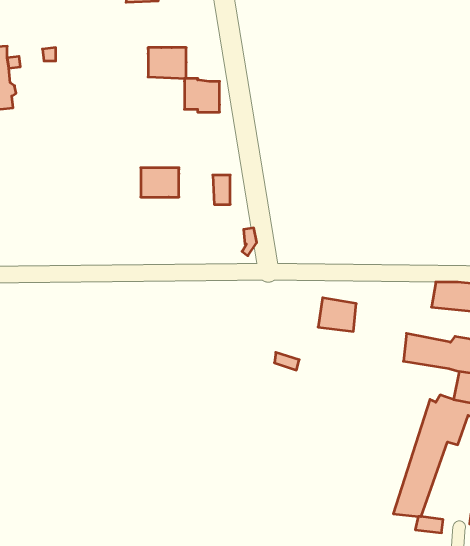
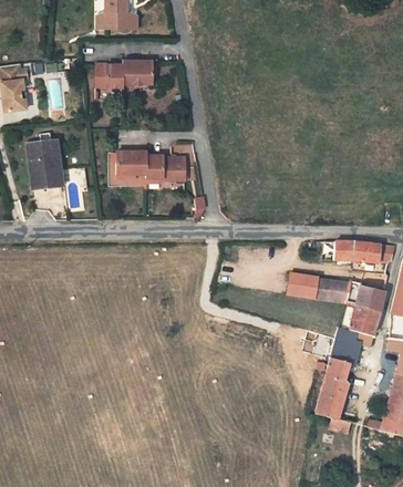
building: [184,78,220,112] -> [96,65,123,91]
building: none -> [27,139,60,190]
building: none -> [146,158,173,182]
building: [318,298,356,331] -> [289,274,318,300]

